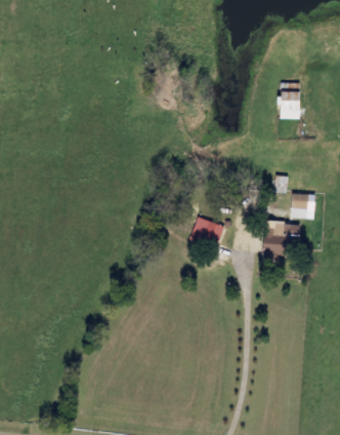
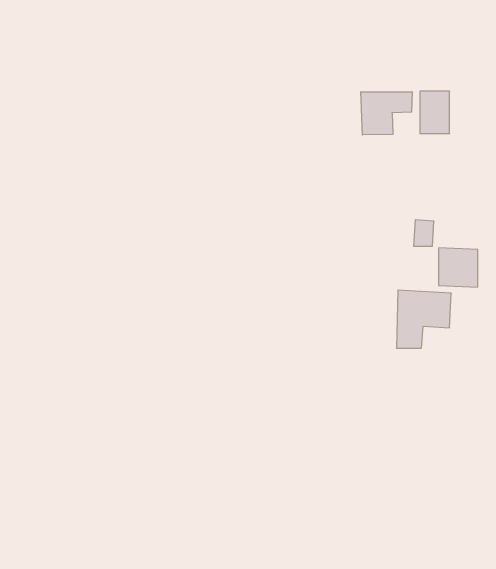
building: none -> [361,92,412,135]
building: [193,218,223,246] -> none

